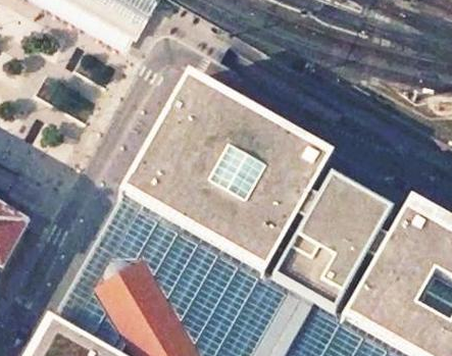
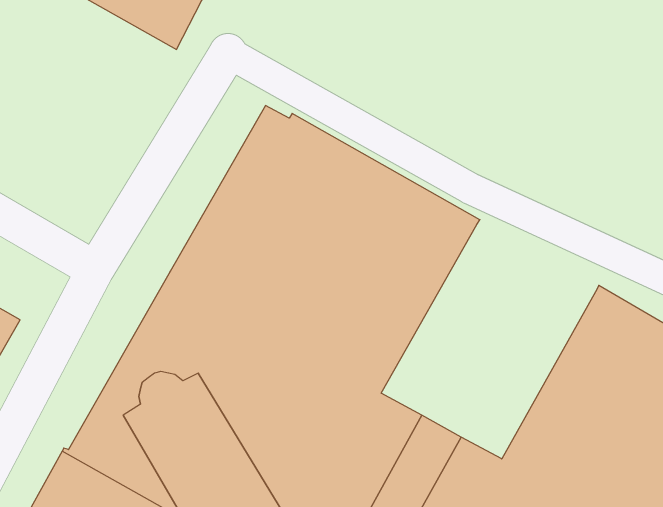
building: [262,163,402,316] -> none

